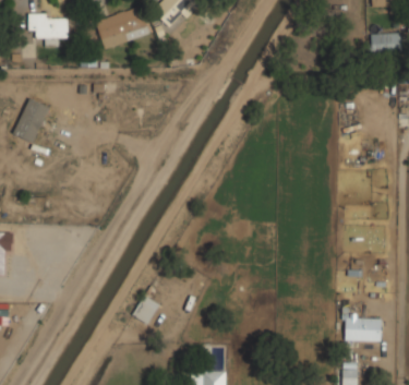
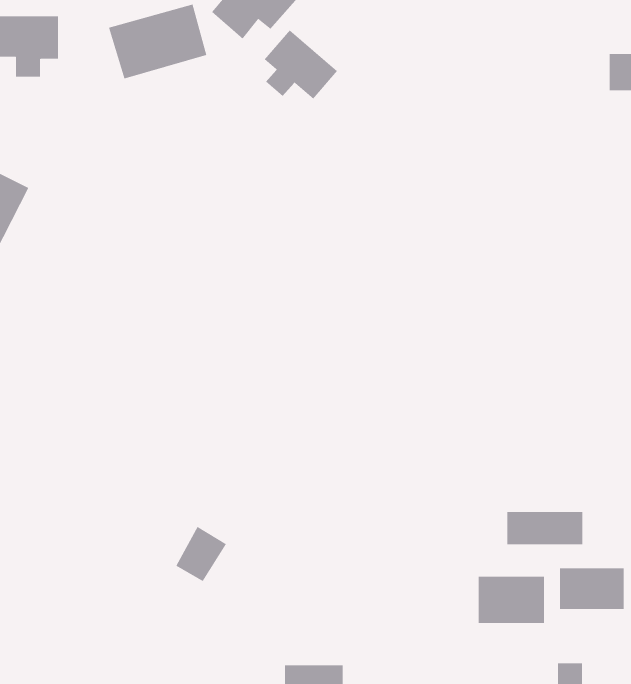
building: none -> [264,29,338,99]
building: none -> [507,511,583,545]
building: none -> [478,576,544,624]

